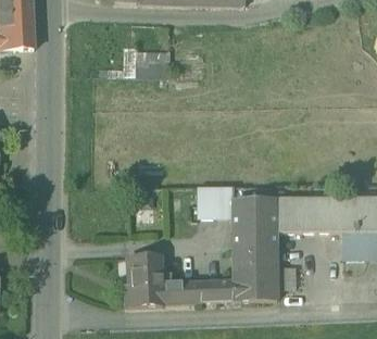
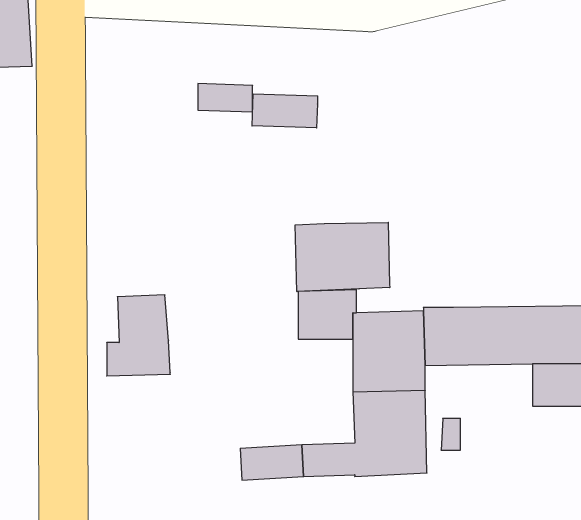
building: none -> [252,94,318,128]
building: none -> [295,222,390,292]
building: [124,254,163,304] -> [107,295,170,376]

